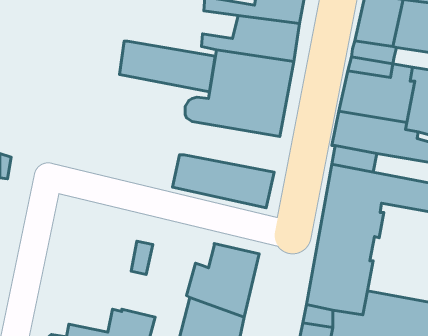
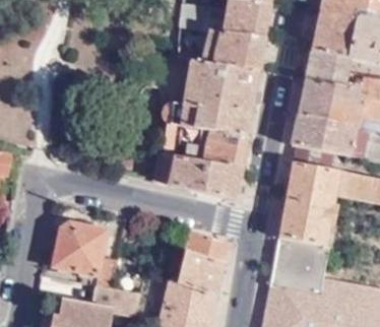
building: [119,41,215,92] -> [163,123,247,168]
building: none -> [50,221,114,290]

